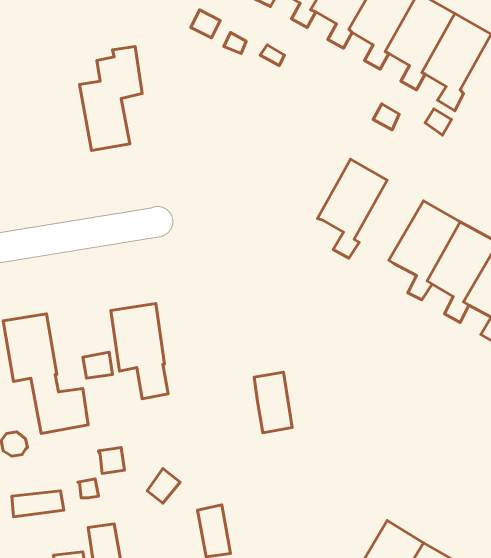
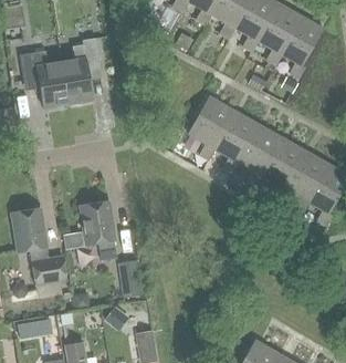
building: none -> [20,51,69,107]
building: none -> [188,94,233,158]
building: none -> [235,122,280,186]
building: [254,372,292,433] -> [117,259,141,298]

